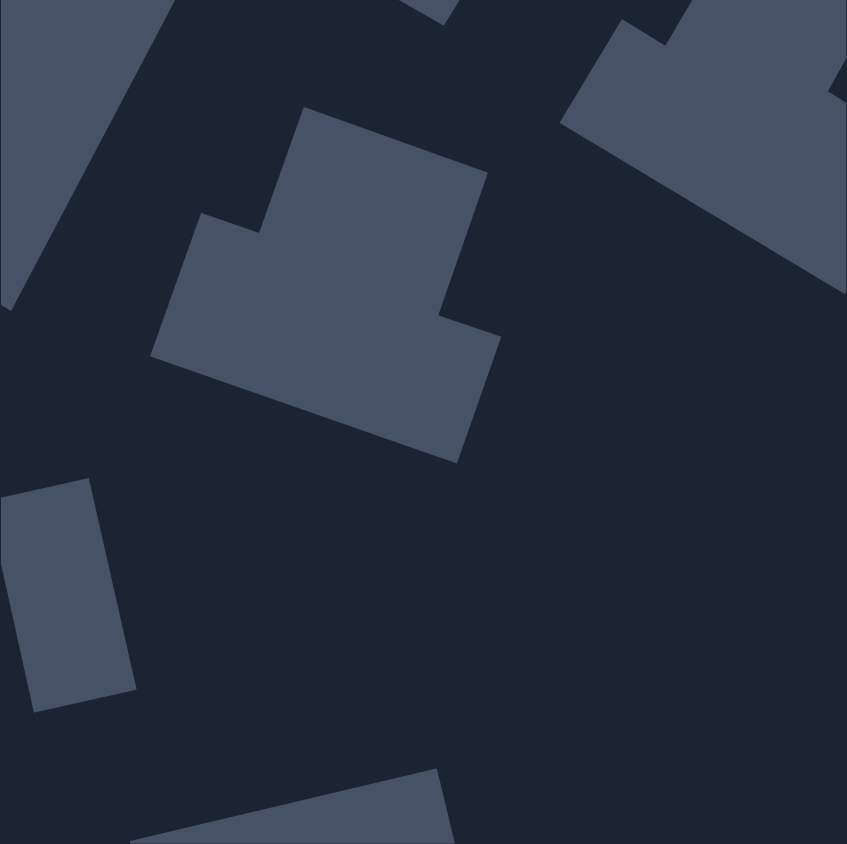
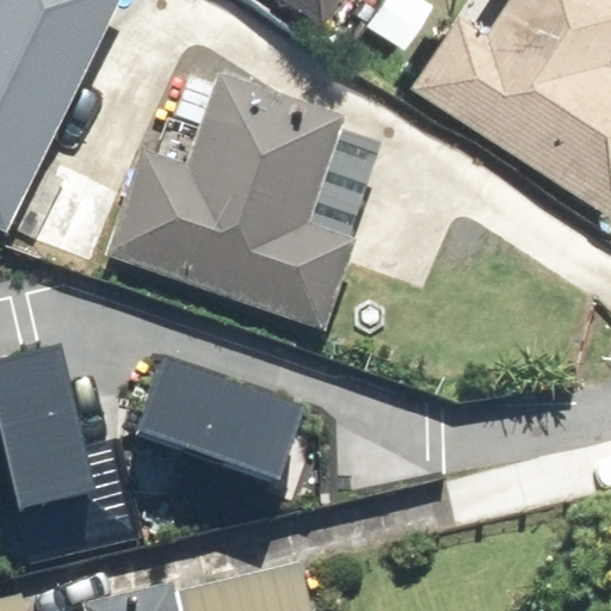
building: none -> [117,346,291,471]

